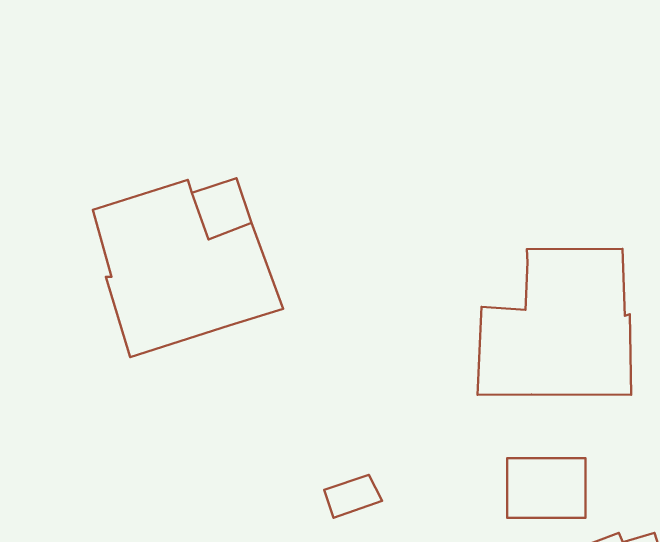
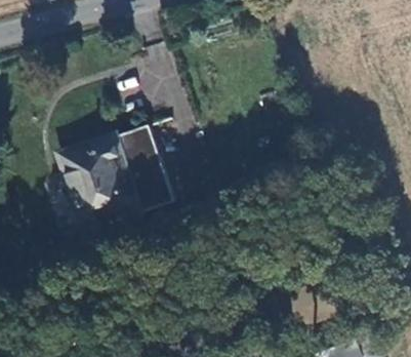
building: [477,249,631,395] -> none

